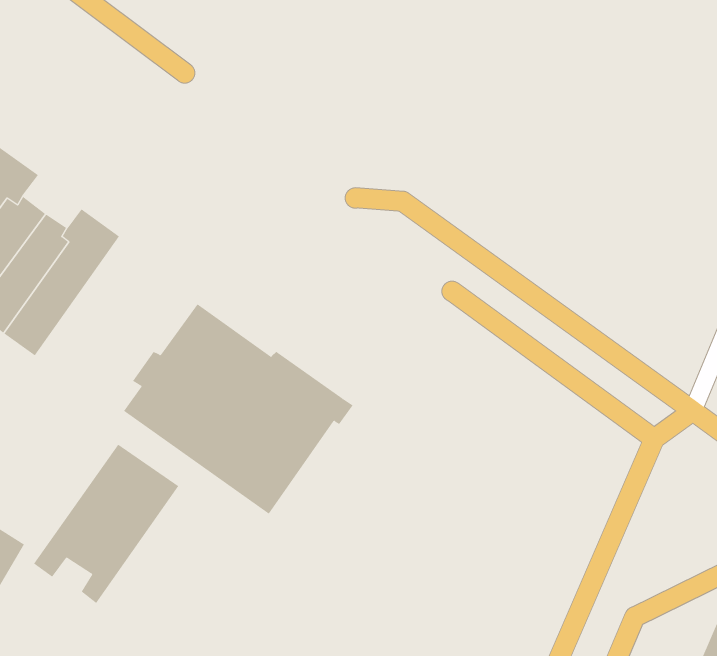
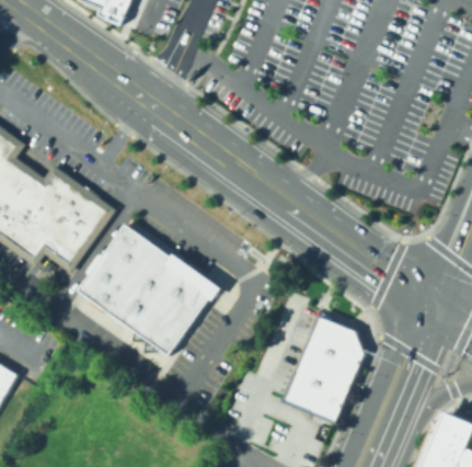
building: [33,444,179,604] -> [23,181,114,281]
building: none -> [283,317,362,421]

